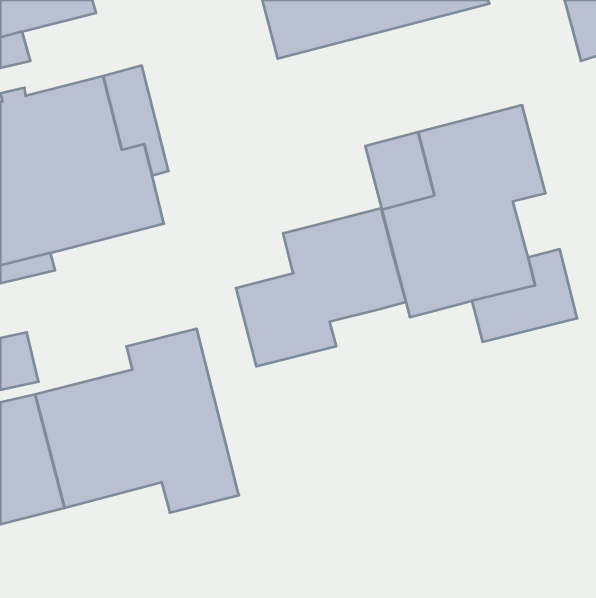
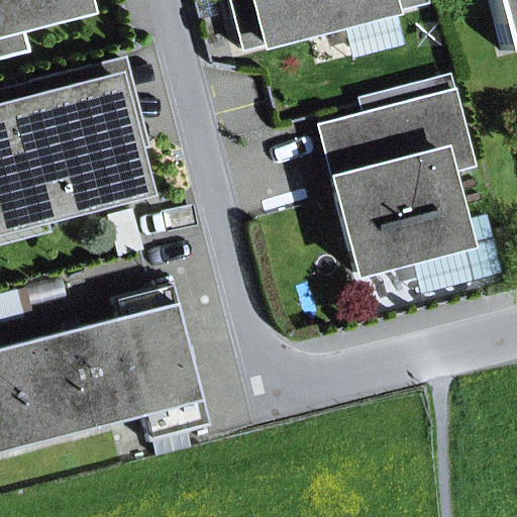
building: [236,208,406,366] -> none

